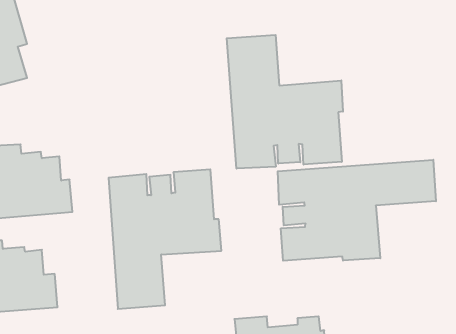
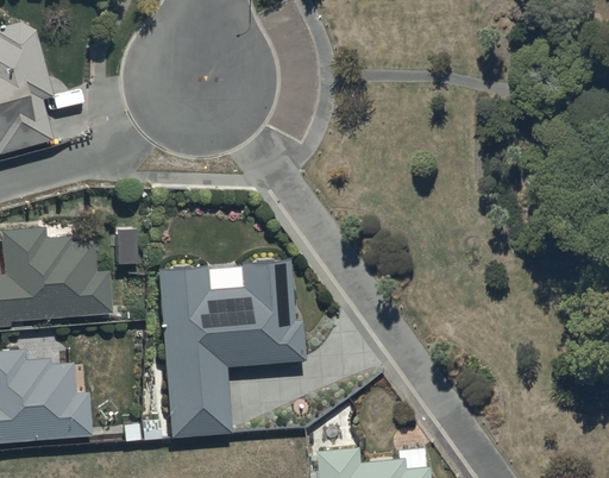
building: [227,35,343,169] -> none
building: [278,160,436,261] -> none

